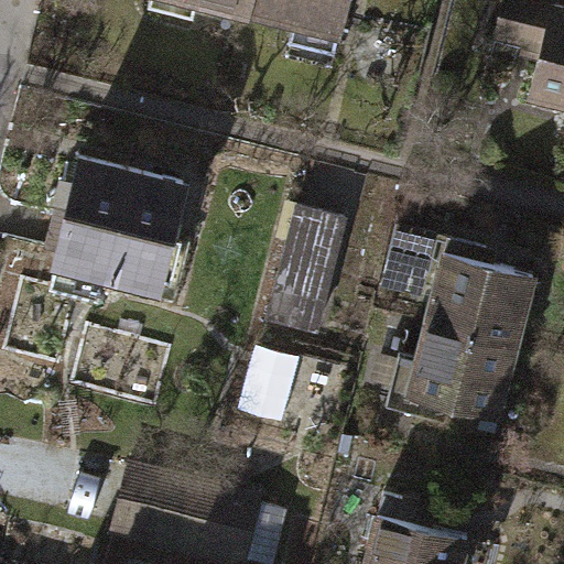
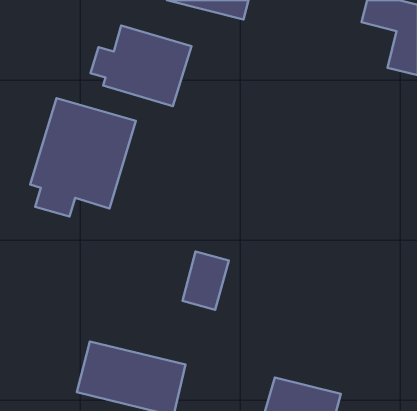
building: none -> [90,25,191,106]
building: [267,208,346,336] -> none
building: [383,242,539,422] -> none

